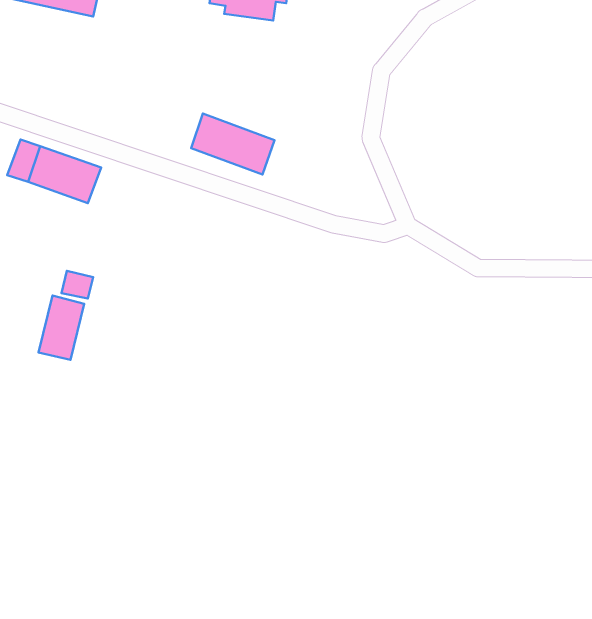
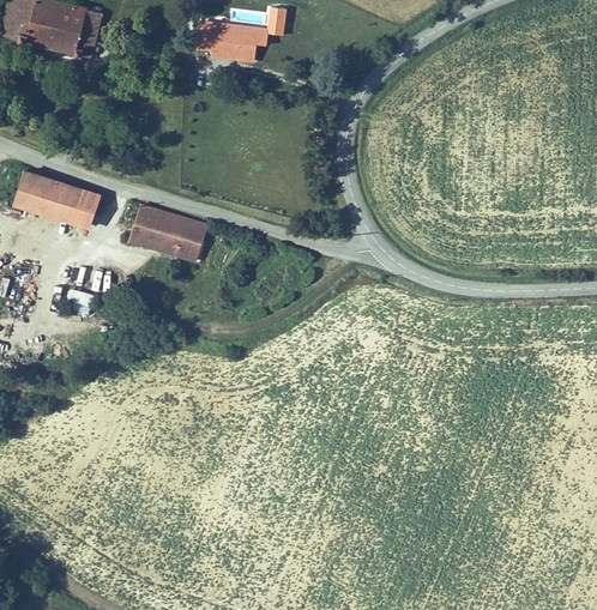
building: [191,114,274,174] -> [129,206,205,261]
building: [38,296,84,360] -> none

